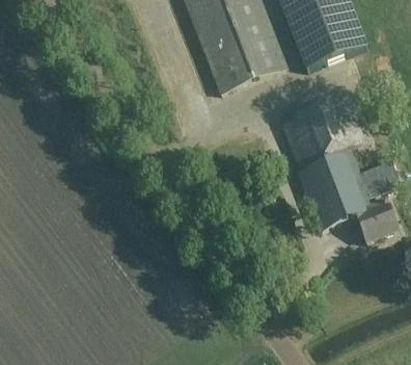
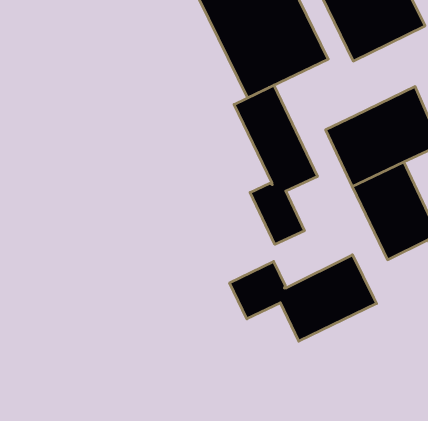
building: none -> [234,85,317,244]
building: none -> [230,255,377,341]

